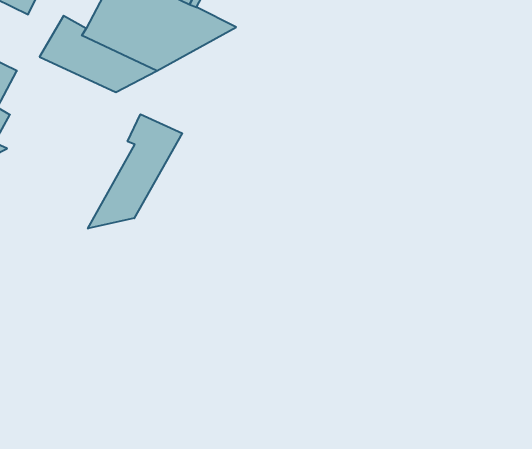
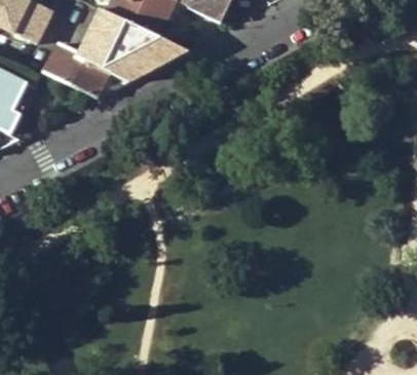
building: [88,114,182,229] -> none

